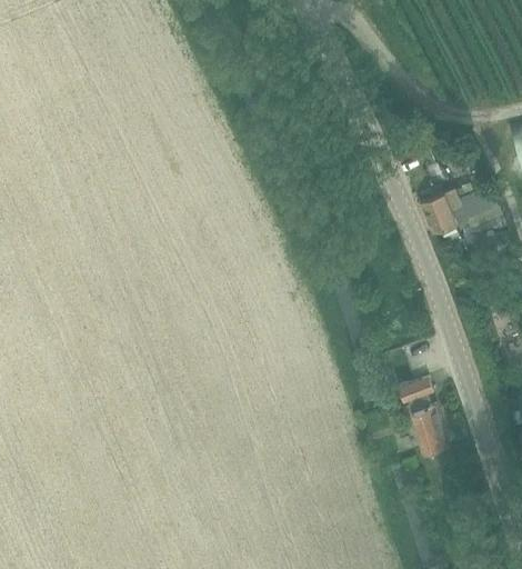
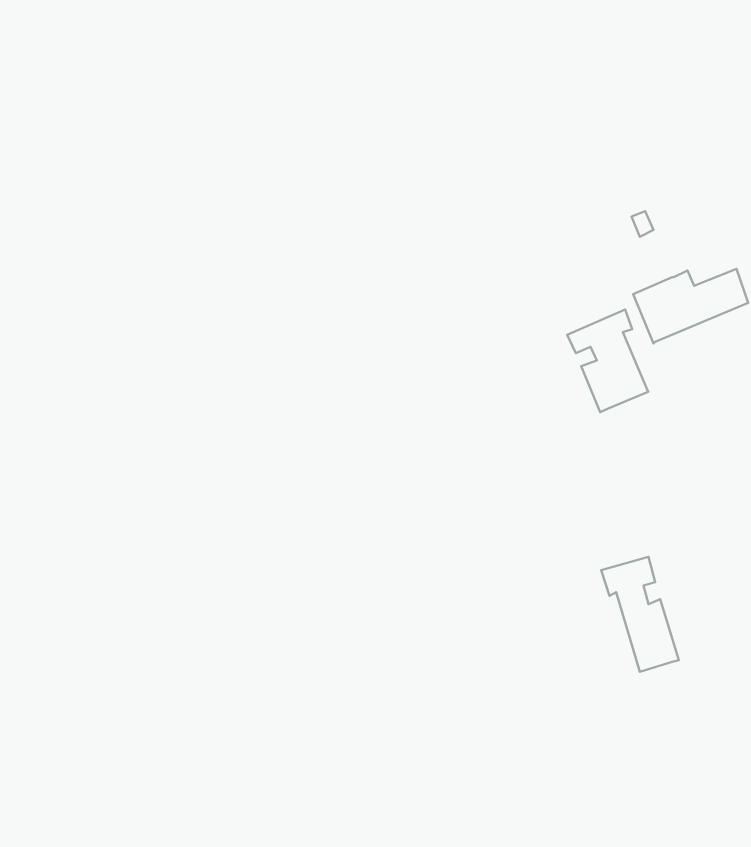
building: none -> [567,310,648,412]

